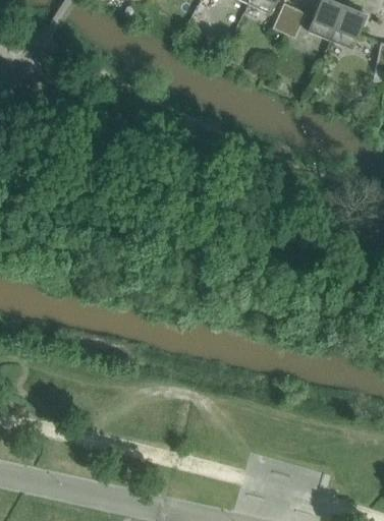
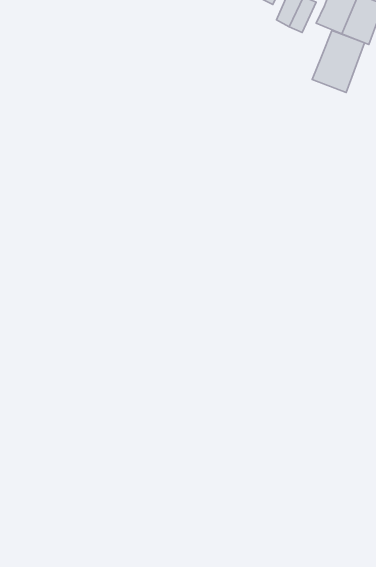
building: none -> [312,30,365,93]

